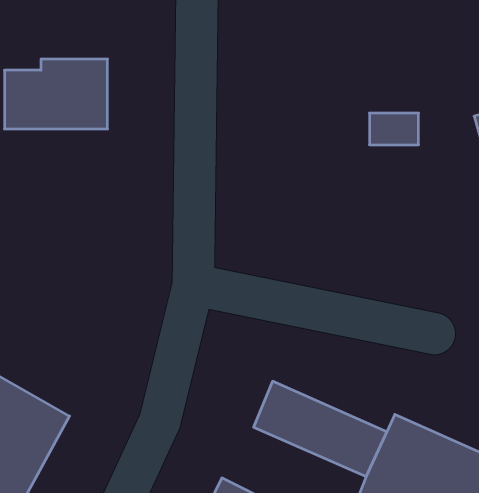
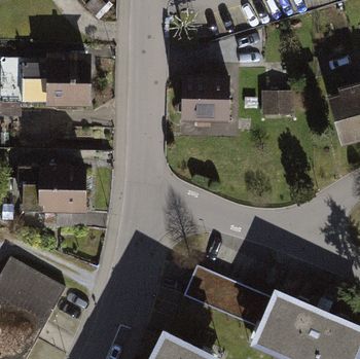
building: none -> [178,76,225,117]
building: none -> [39,171,84,211]

